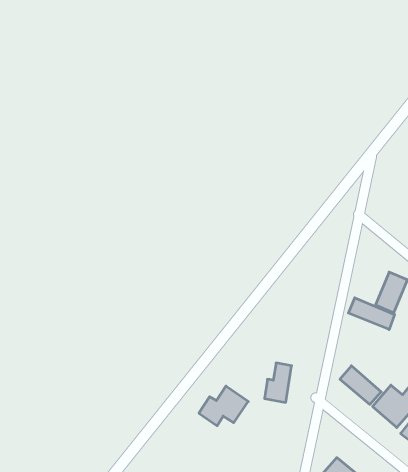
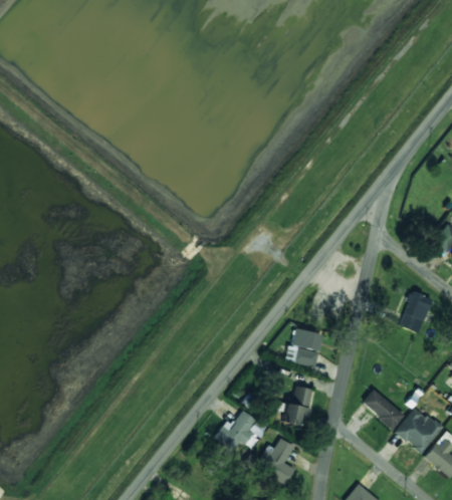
building: [348,298,395,330] -> none
building: none -> [292,328,323,367]
building: none -> [256,439,294,483]

